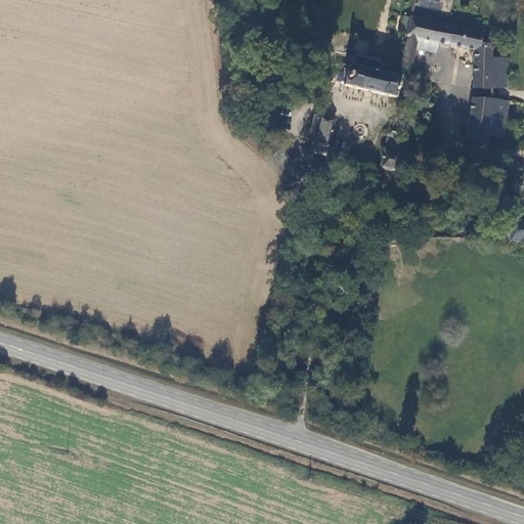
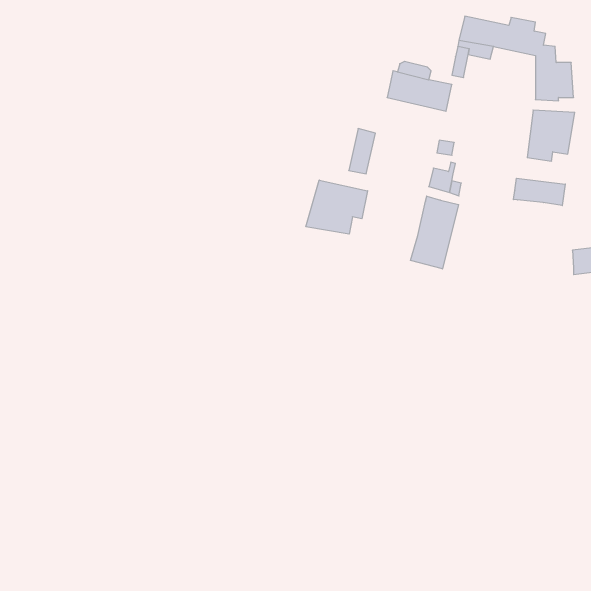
building: none -> [513,178,565,206]
building: none -> [306,180,368,234]
building: none -> [411,196,459,269]

